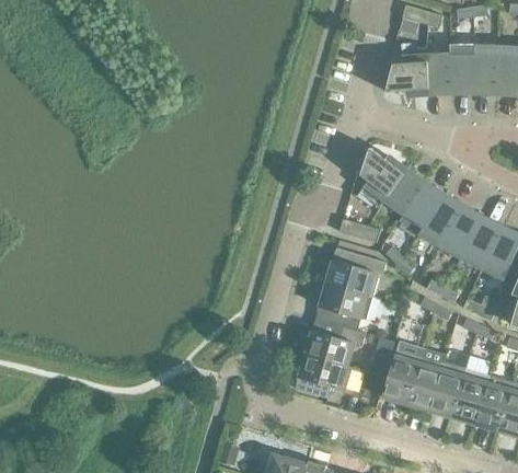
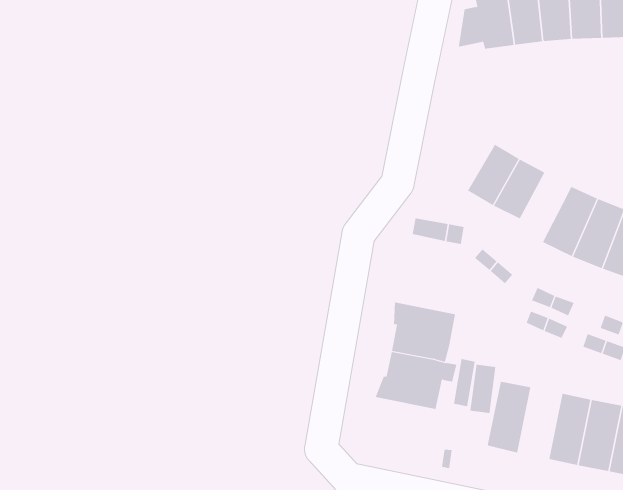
building: [357,147,407,208] -> none
building: [418,193,463,245] -> none
building: [322,247,387,297] -> none
building: [296,353,353,399] -> none
building: [406,355,444,411] -> none

